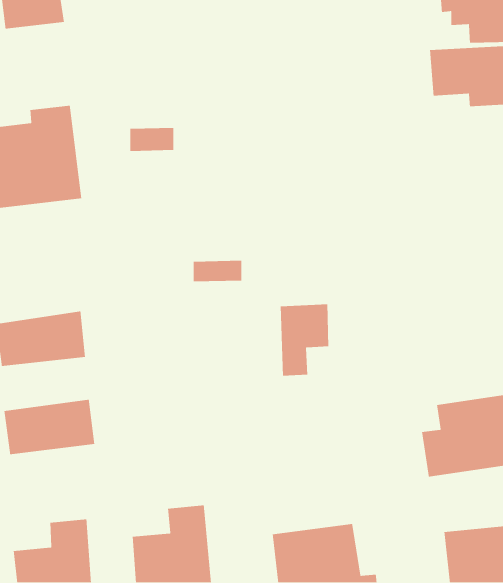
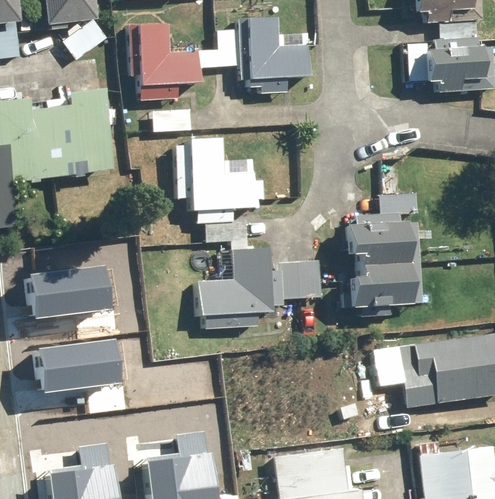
building: none -> [246,18,308,81]
building: none -> [136,24,235,87]
building: none -> [173,139,256,212]
building: none -> [346,193,419,307]
building: none -> [197,248,271,318]

